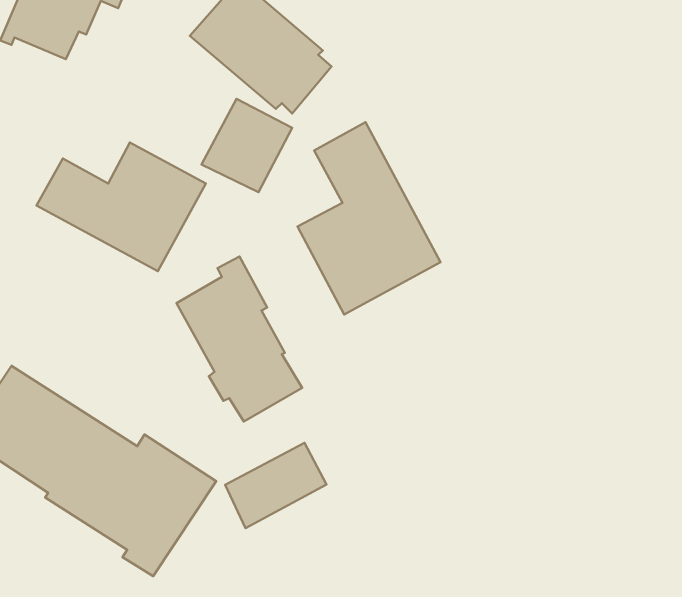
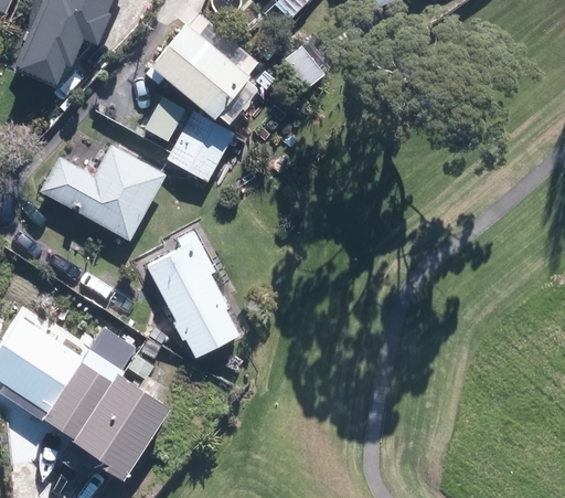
building: [298,122,440,314] -> none
building: [225,443,327,528] -> none

